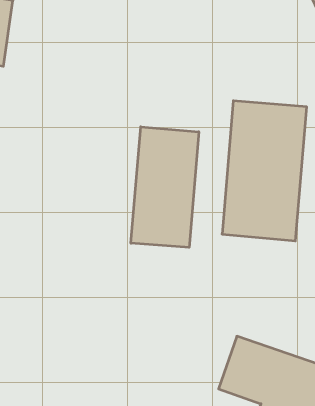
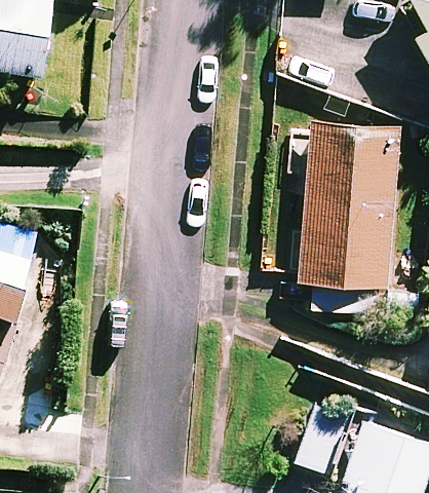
building: [131,127,199,247] -> none

